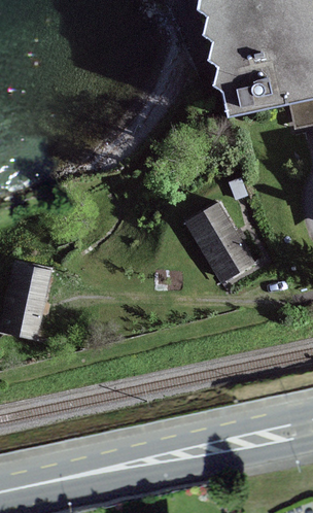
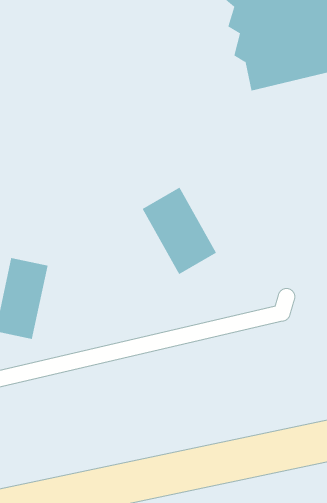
building: [186,204,253,282] -> [142,187,217,275]

